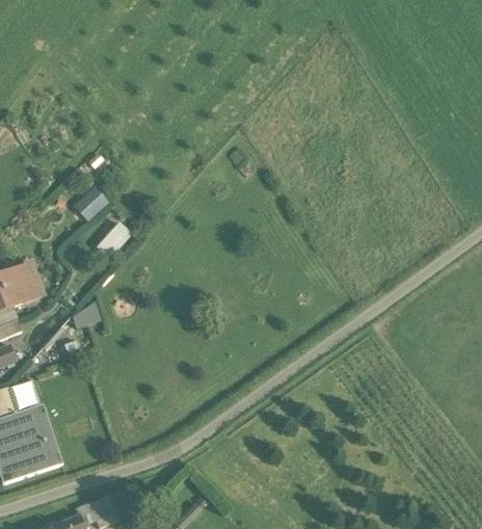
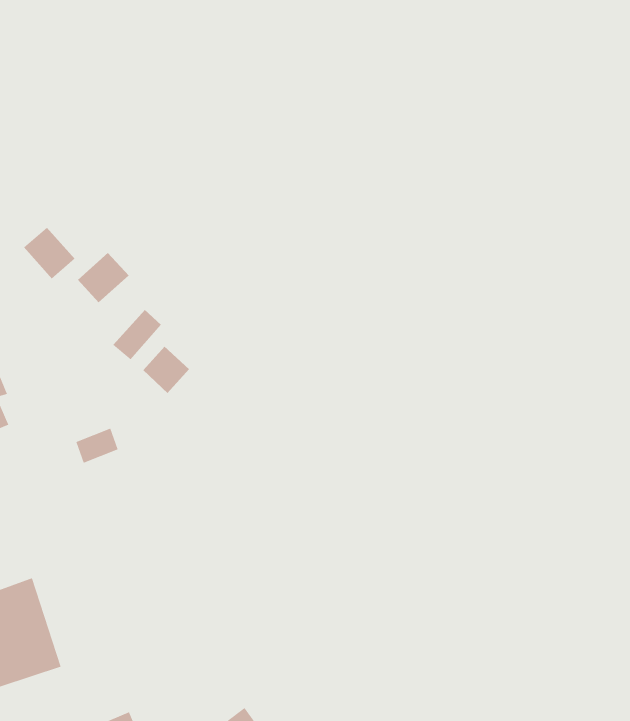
building: none -> [23,227,76,279]
building: none -> [142,346,190,394]

